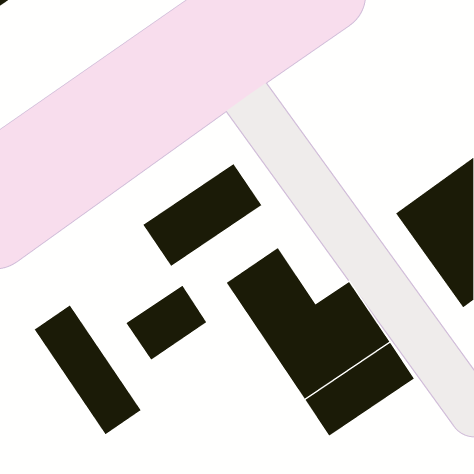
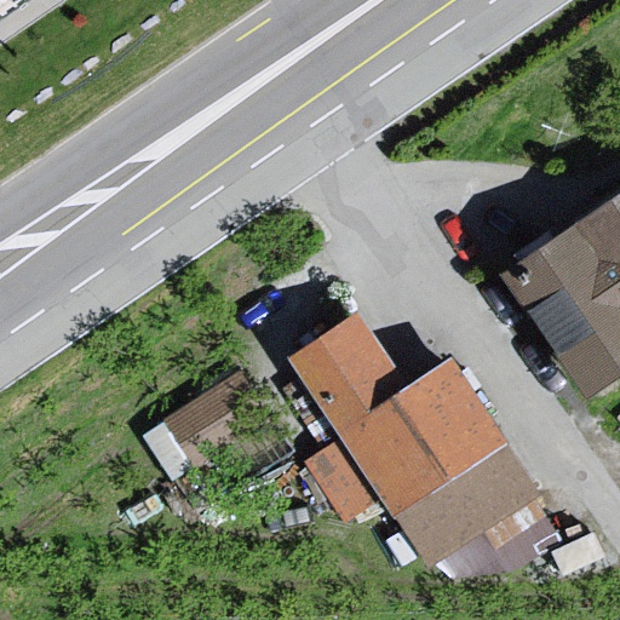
building: [142,163,262,267] -> none
building: [34,304,141,435] -> none

